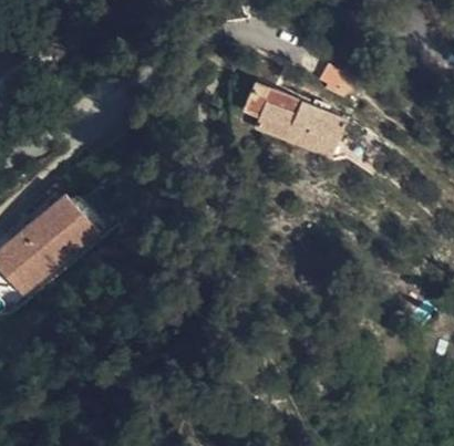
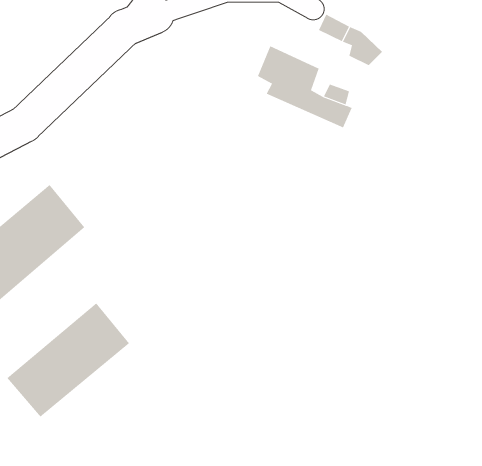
building: none -> [6,303,130,418]

